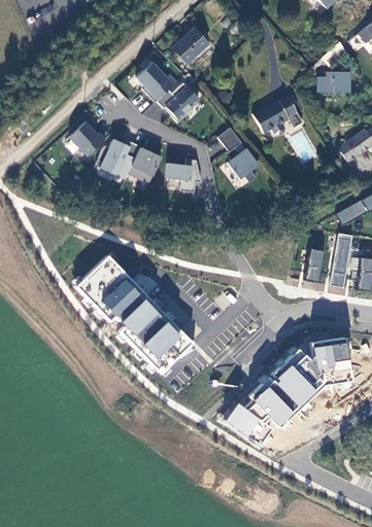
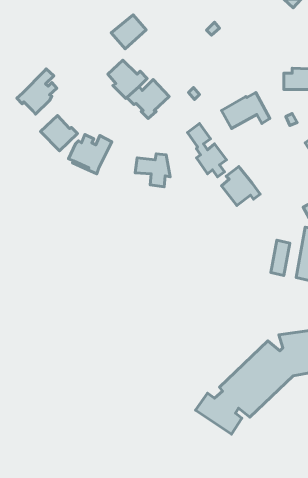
building: [172,29,208,64] -> [111,15,146,49]
building: none -> [17,69,57,114]
building: [128,148,162,183] -> none
building: none -> [221,167,260,205]
building: [75,253,193,373] -> none

